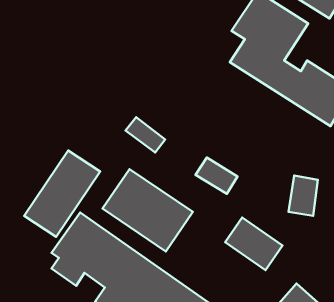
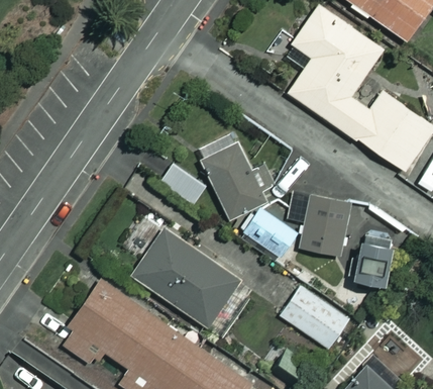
building: none -> [205,139,265,217]
building: none -> [300,196,352,255]
building: [24,150,100,237] -> none

